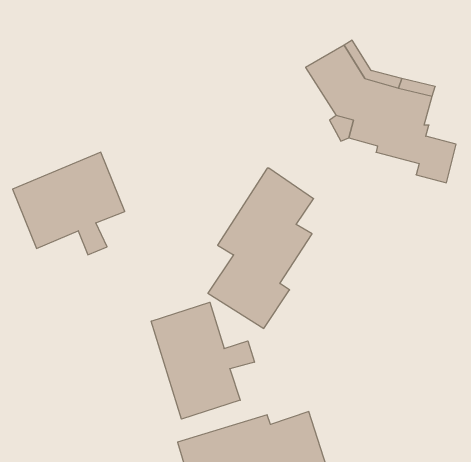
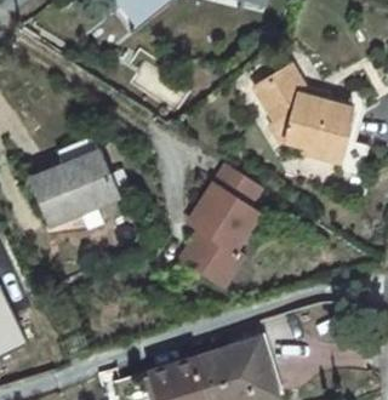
building: [151,302,254,419] -> none

